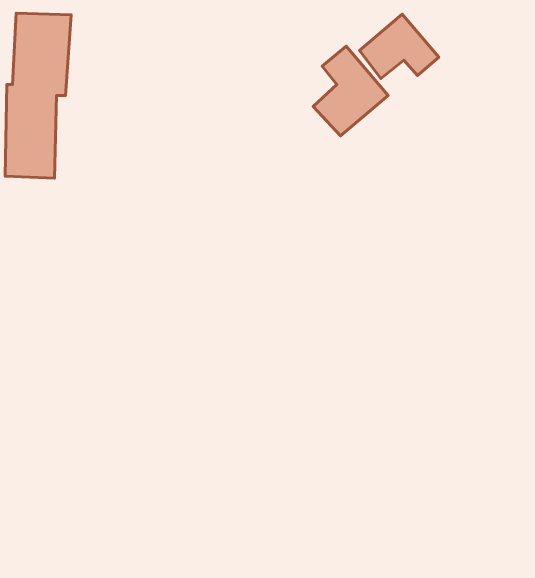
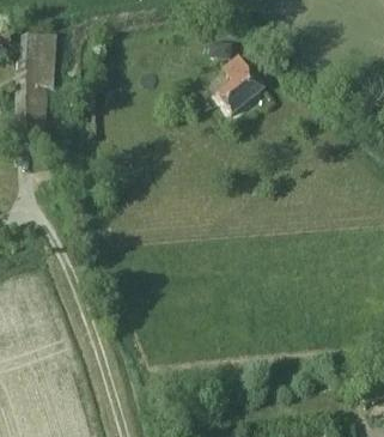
building: [360,14,439,78] -> none

